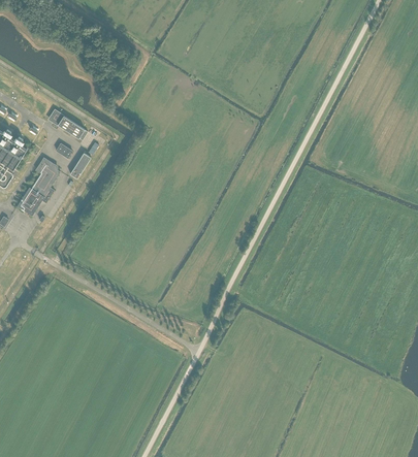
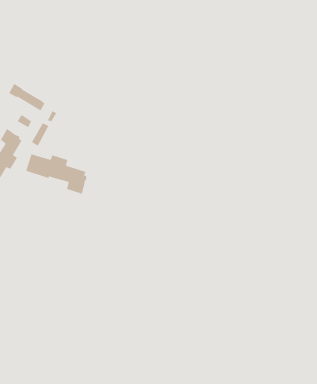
building: none -> [25,154,87,195]

